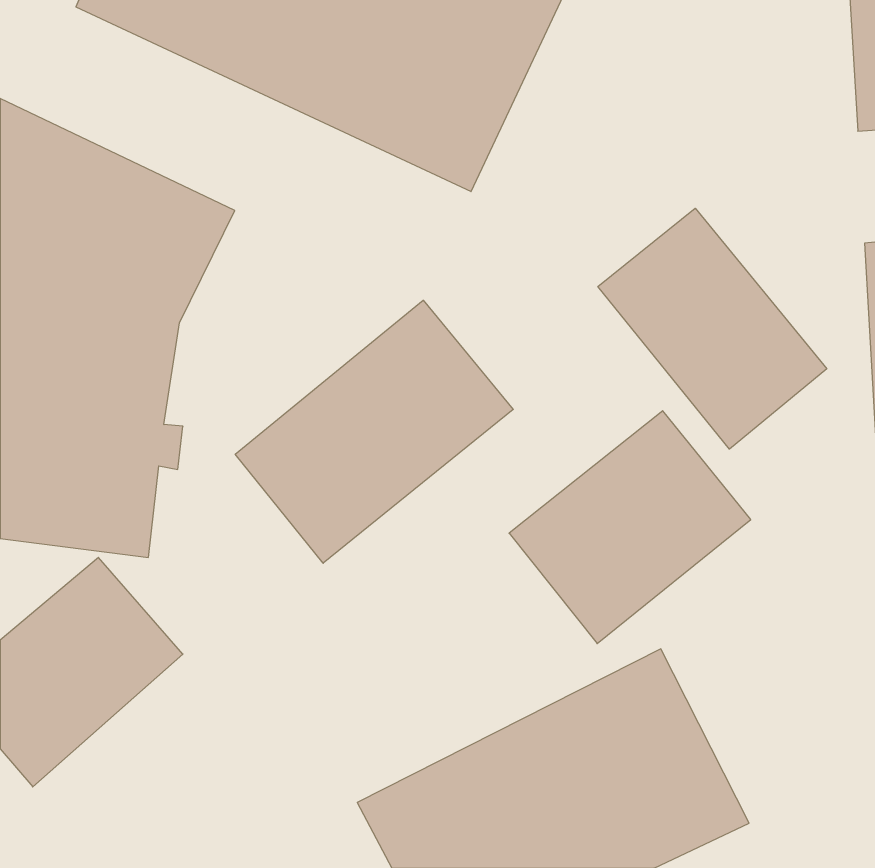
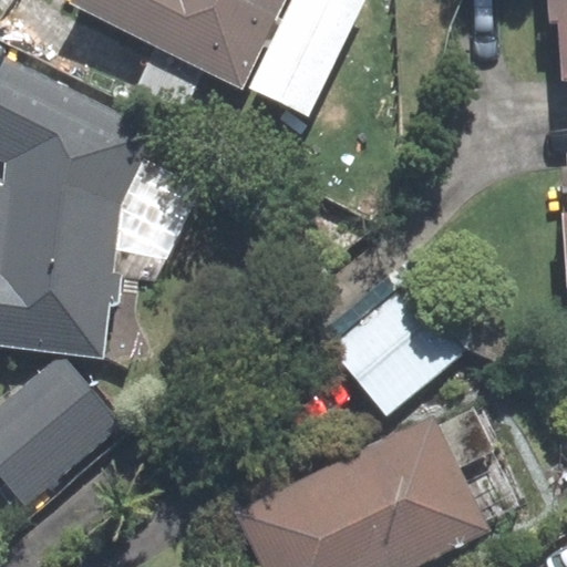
building: [598,208,827,449] -> none
building: [235,300,513,563] -> none

